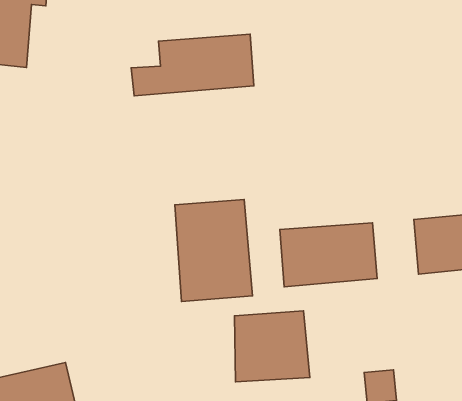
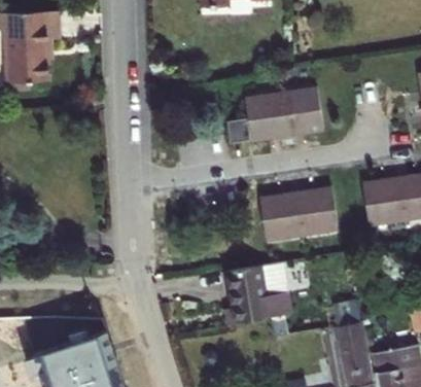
building: [131,34,254,96] -> [224,86,321,142]
building: [175,200,252,301] -> none

